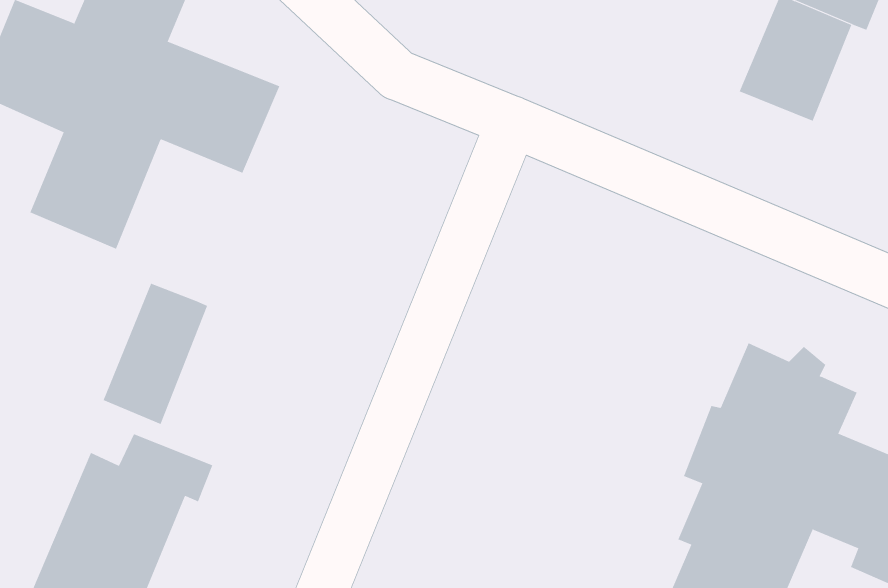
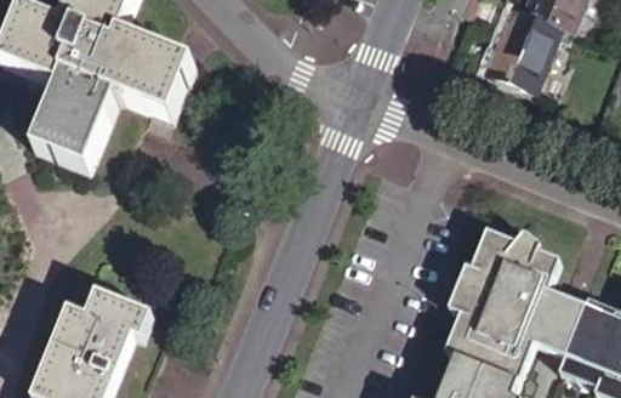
building: [103,283,208,425] -> none

